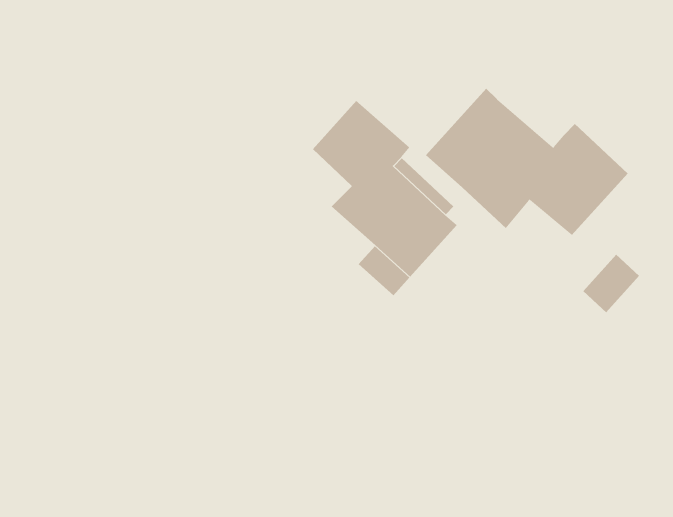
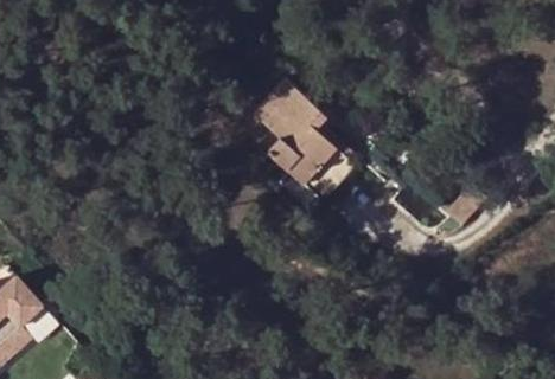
building: [425,88,629,236] -> none

